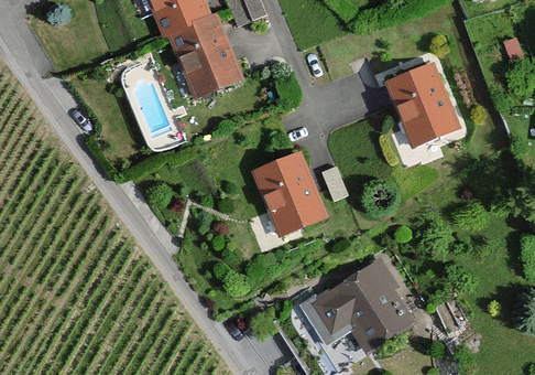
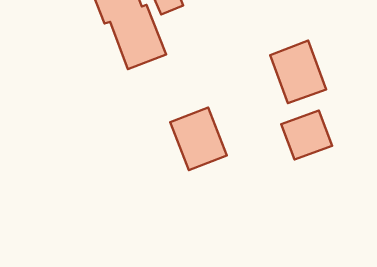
building: none -> [281,110,332,160]
building: [304,254,415,353] -> none

